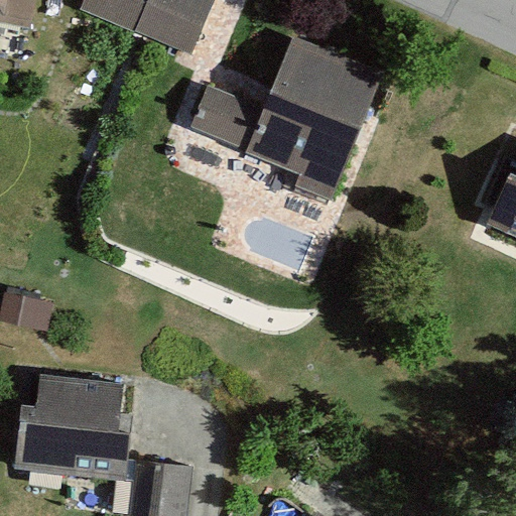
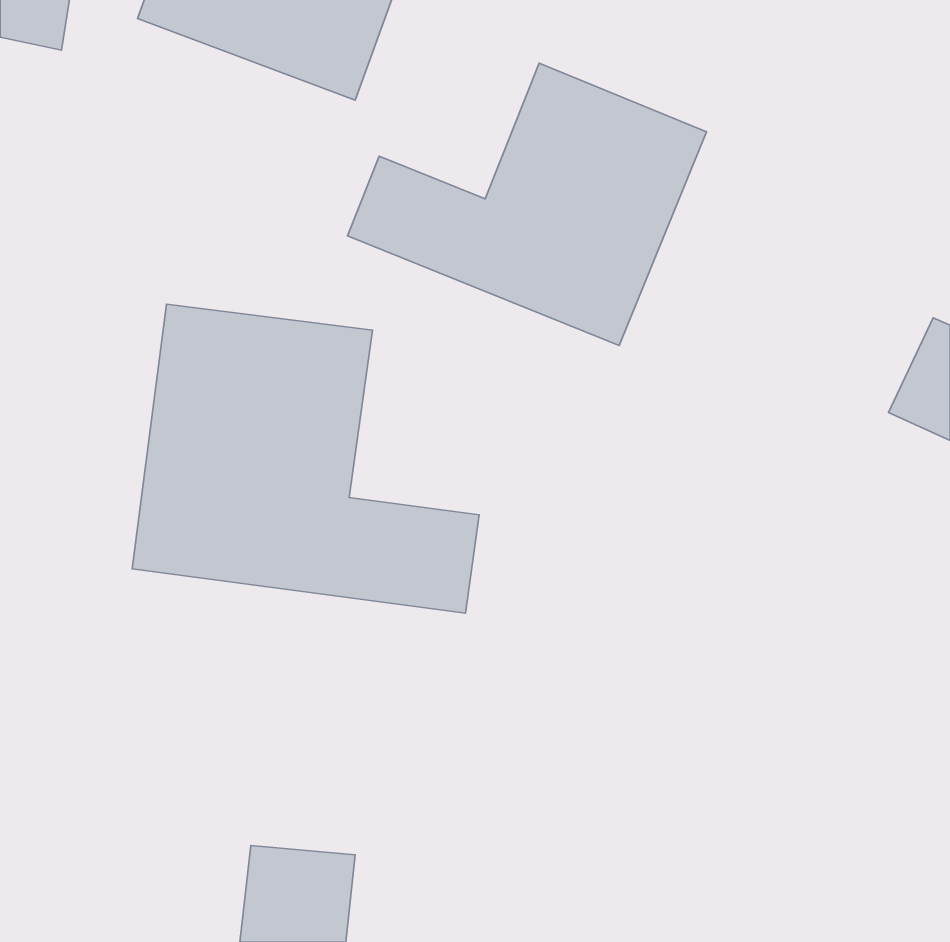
building: none -> [132,304,479,613]
building: [11,377,134,479] -> none

